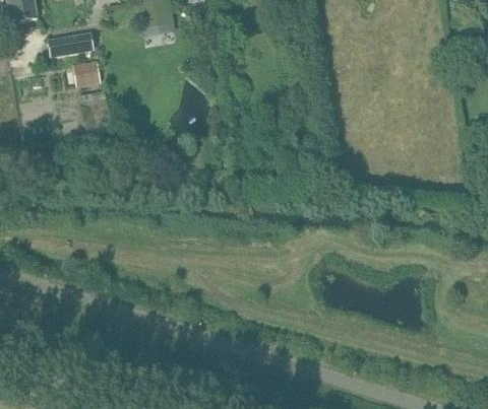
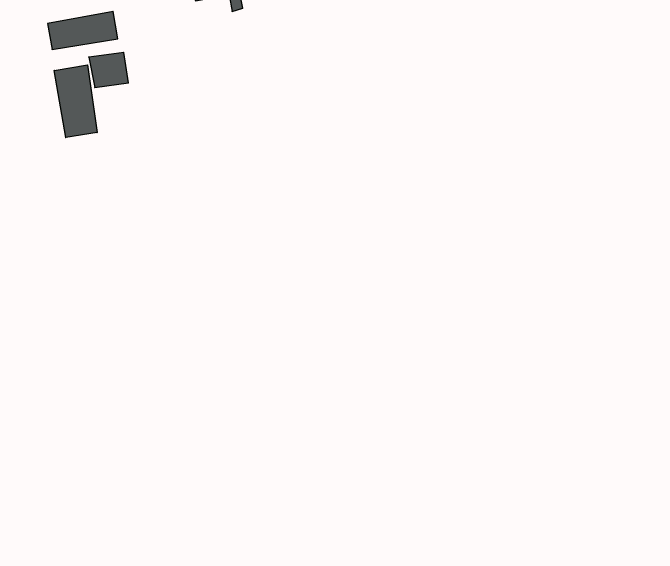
building: none -> [54,65,97,138]

